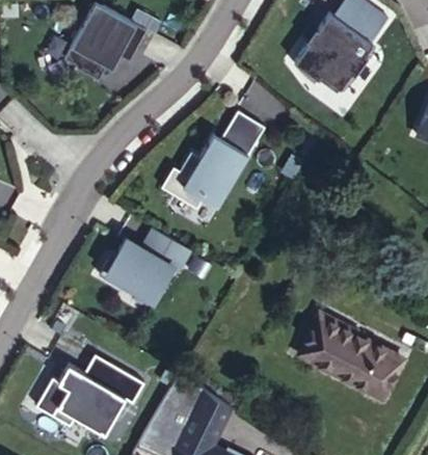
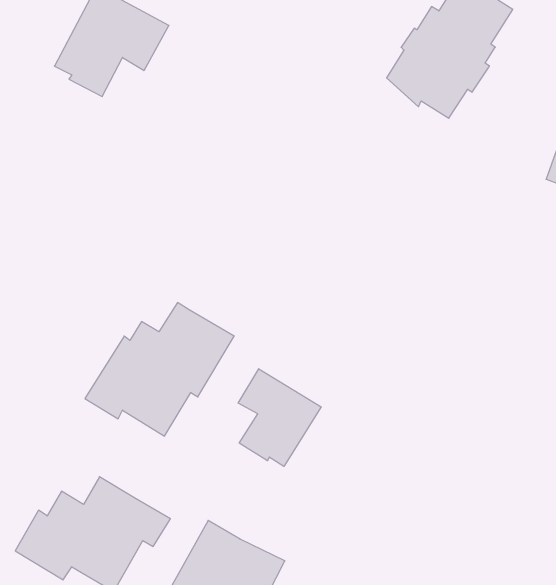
building: [162,115,264,211] -> none
building: none -> [238,369,321,466]
building: [301,313,400,401] -> none

